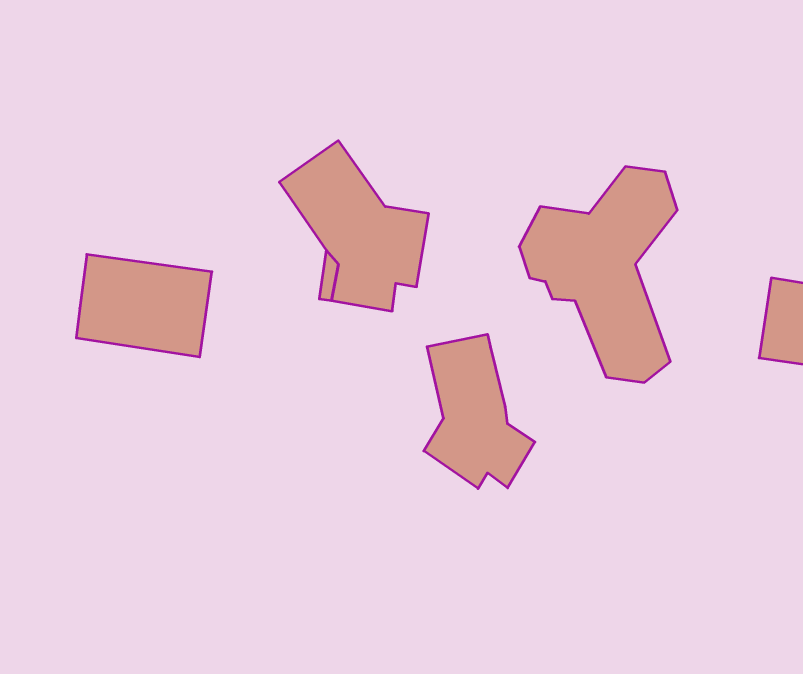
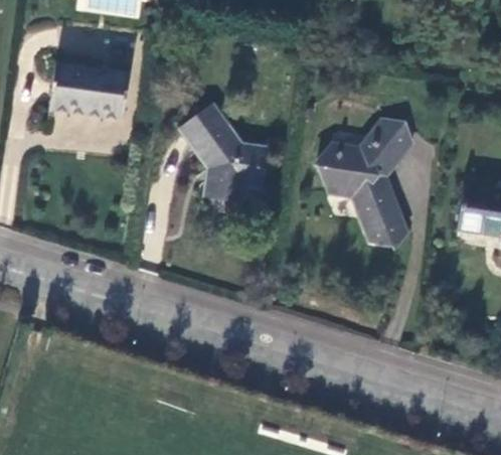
building: [76,254,212,357] -> [49,61,128,121]
building: [424,334,535,489] -> none

